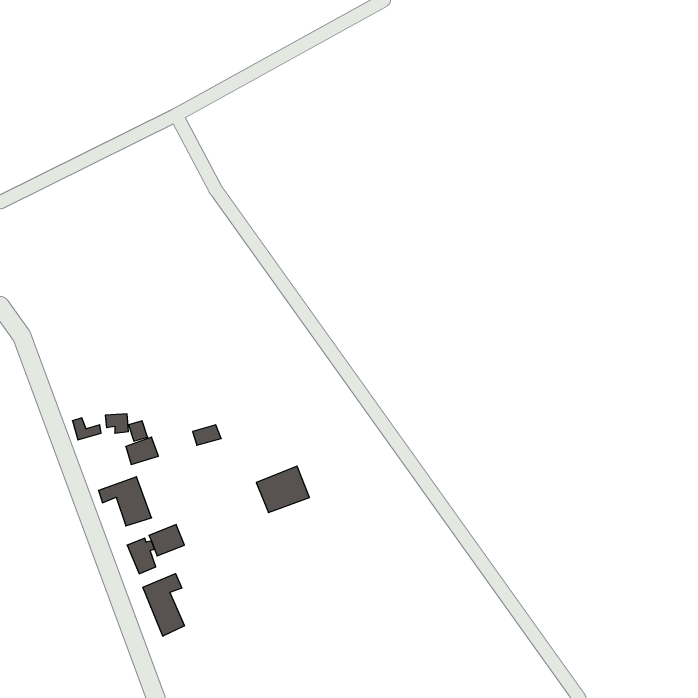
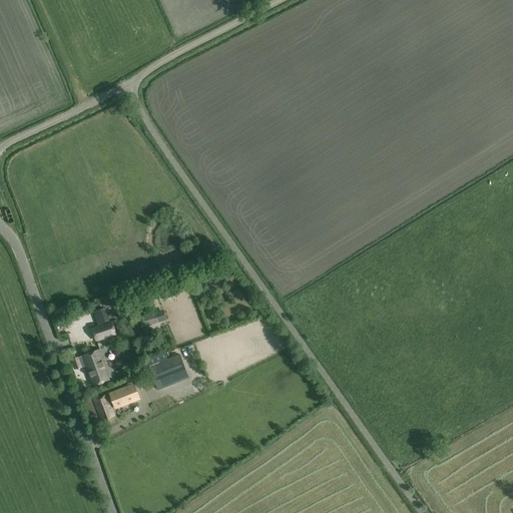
building: [256,466,309,513] -> [149,355,188,389]
building: [143,574,184,636] -> none

